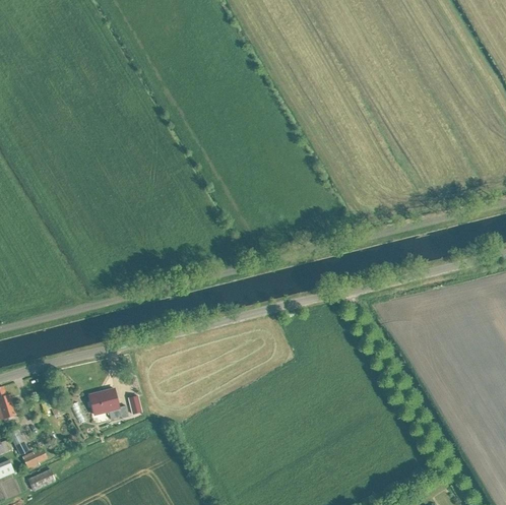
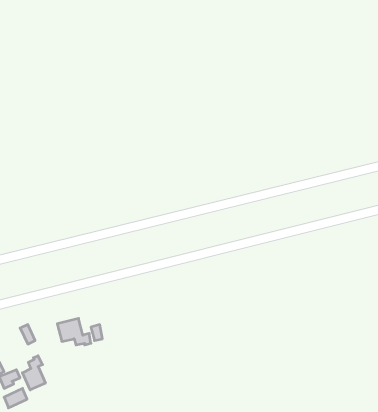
building: none -> [22,356,45,390]

